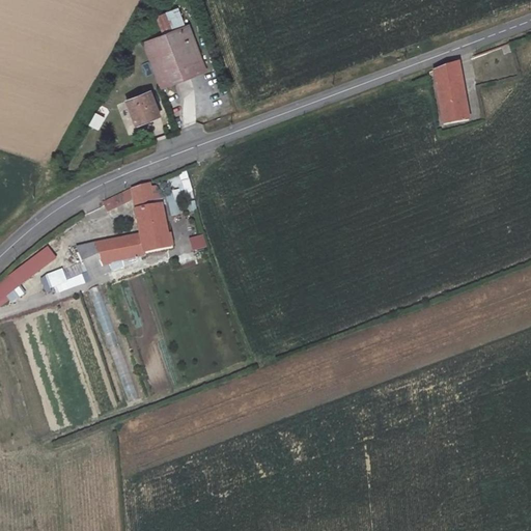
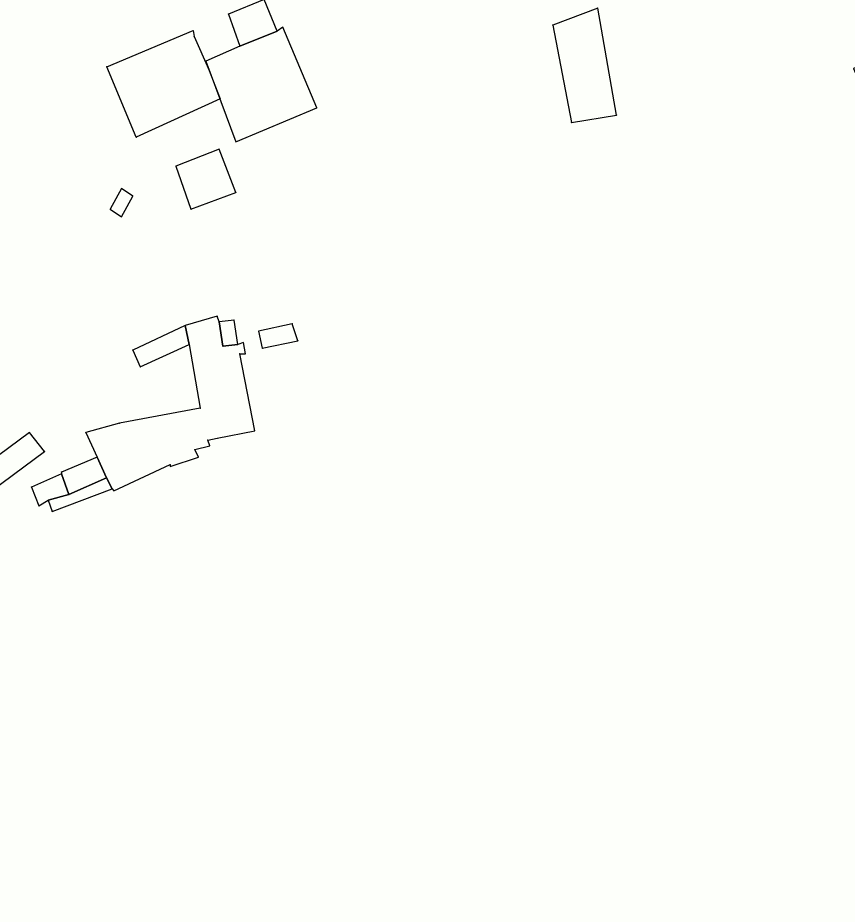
building: none -> [107,31,220,137]
building: [434,60,469,123] -> [553,8,617,123]

